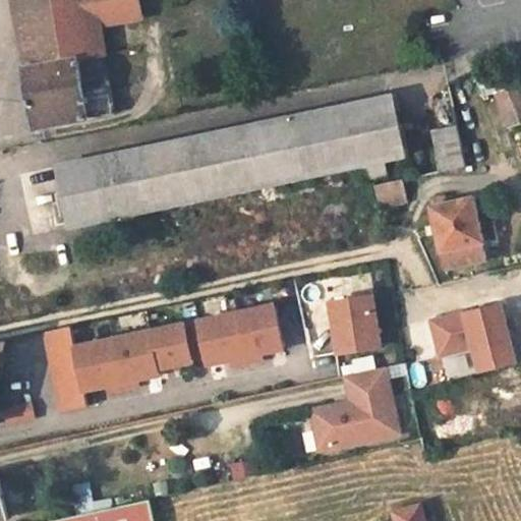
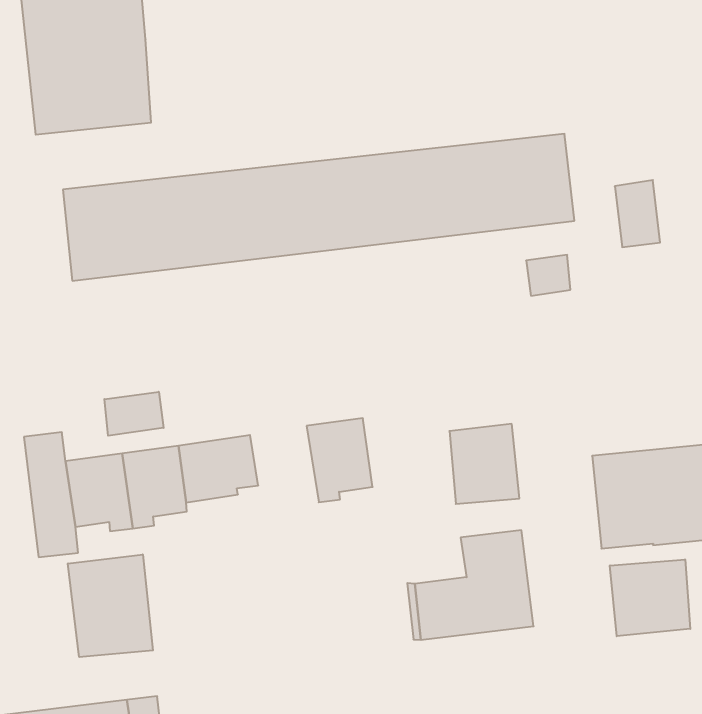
building: [428,197,484,267] -> none
building: none -> [104,392,164,436]
building: [195,309,245,364] -> none
building: none -> [610,559,690,636]
building: none -> [68,554,153,657]

